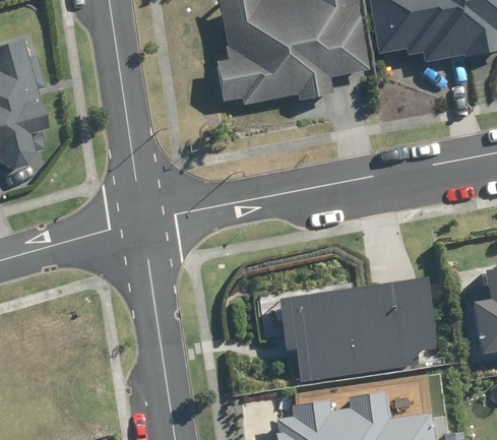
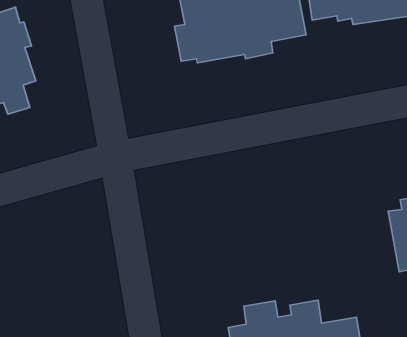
building: [283,276,443,381] -> none

